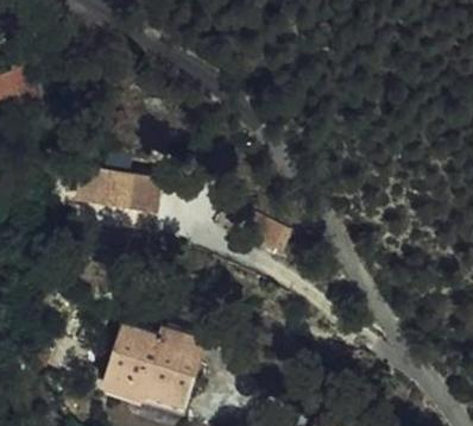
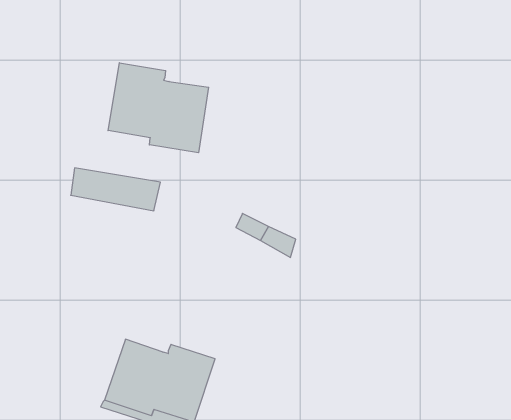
building: none -> [108,63,209,153]

